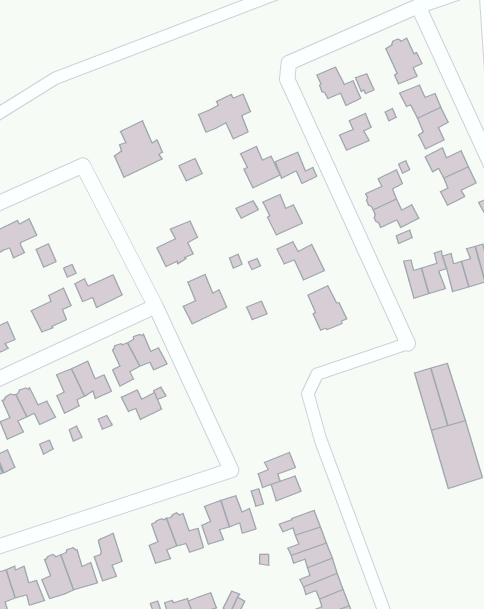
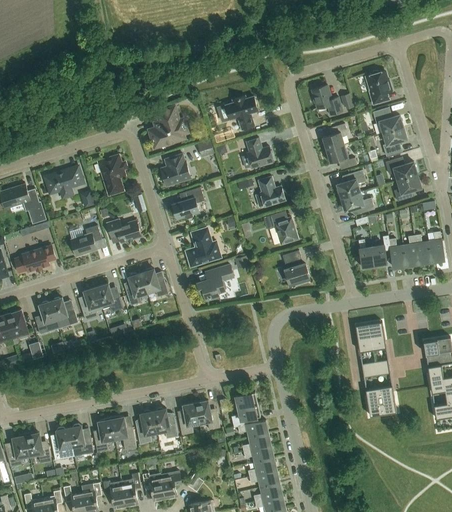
building: [275,152,317,183] -> [326,144,356,168]
building: none -> [160,153,190,185]
building: none -> [98,154,124,194]
building: none -> [196,264,233,299]
building: [121,390,161,420] -> none
building: [258,452,295,488] -> [231,403,260,427]
building: none -> [110,415,136,449]

